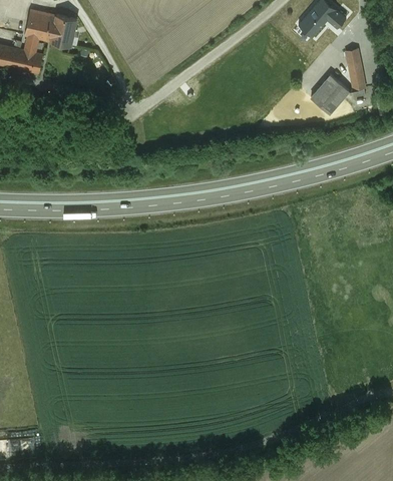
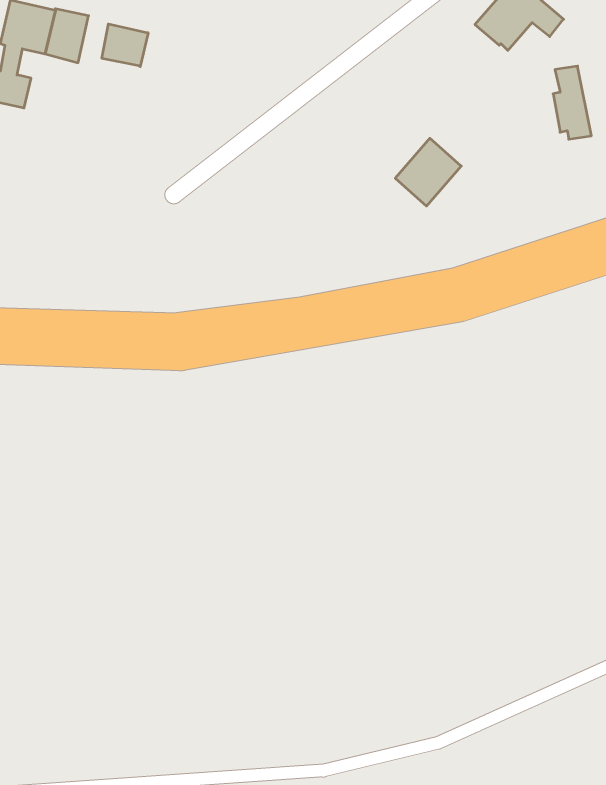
building: none -> [102,24,148,67]
building: [311,74,349,113] -> [395,138,461,206]

